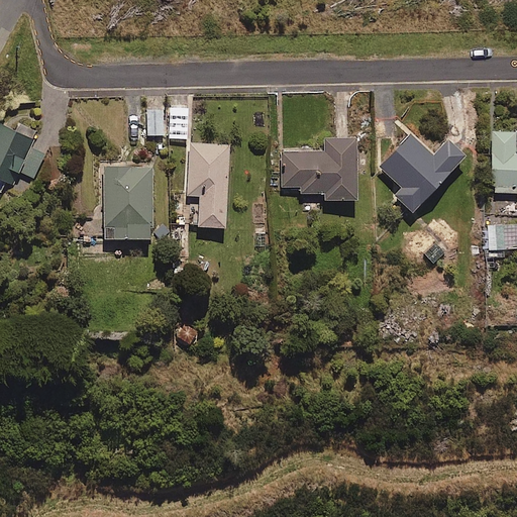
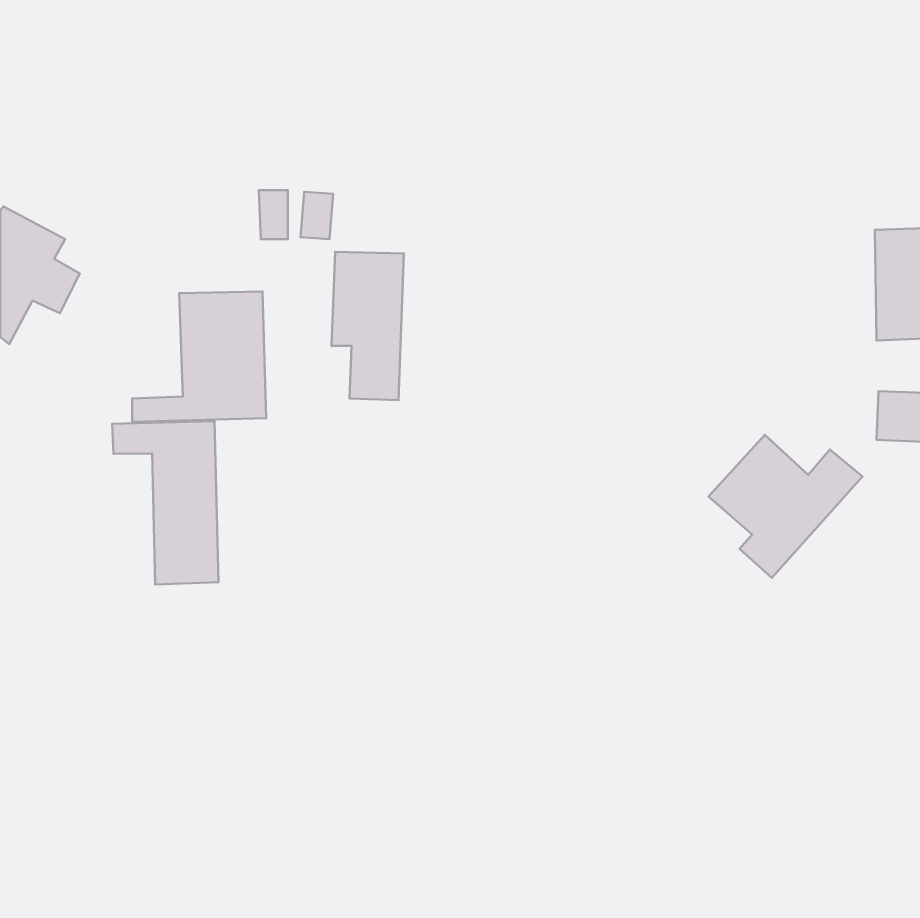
building: [377,131,462,211] -> [709,435,863,578]
building: [284,137,355,199] -> none
building: none -> [112,421,219,585]

